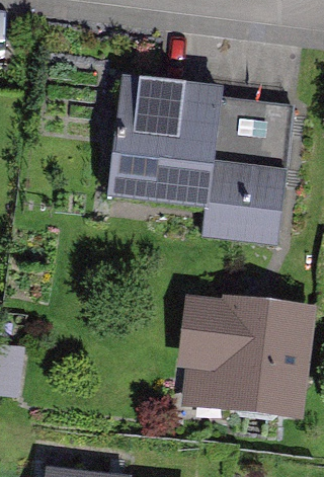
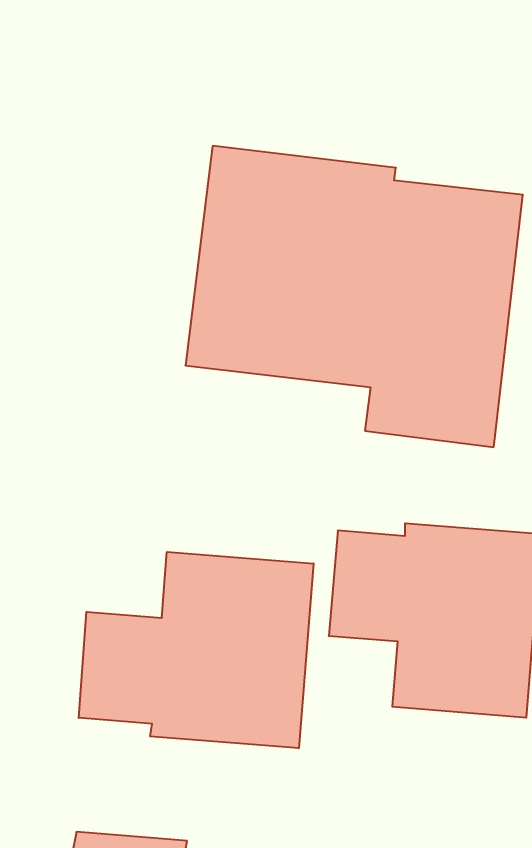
building: none -> [79,552,314,748]

